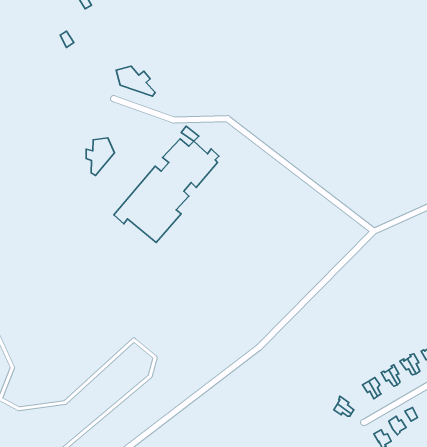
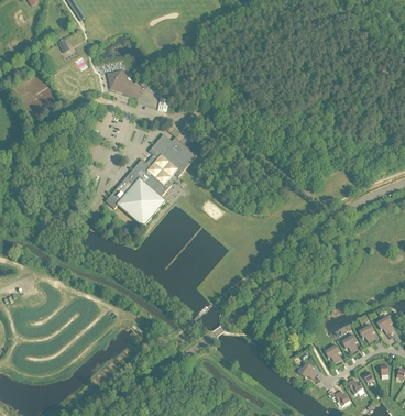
building: [86,138,114,175] -> none

